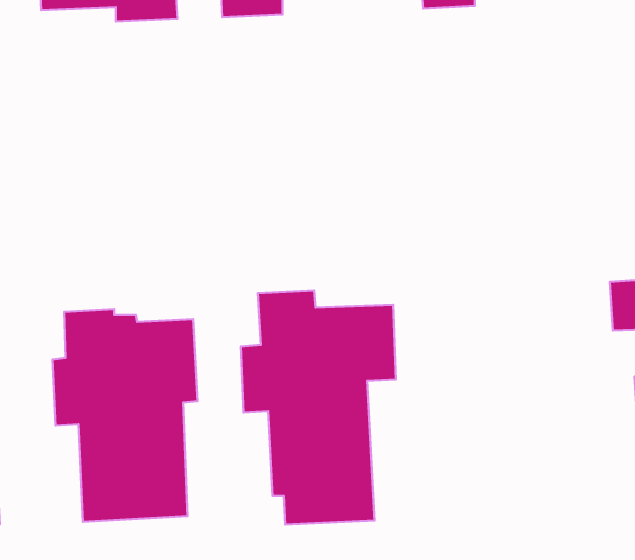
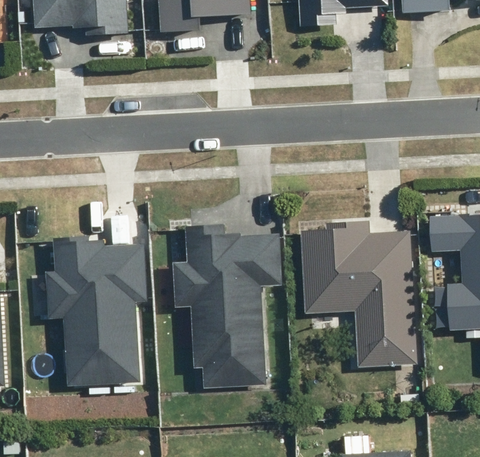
building: none -> [301,221,417,368]

